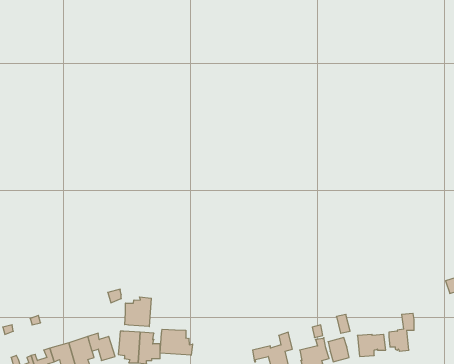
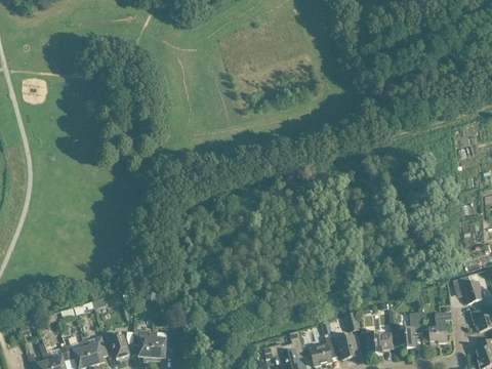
building: [125,297,151,327] -> none
building: none -> [427,312,452,342]
building: [160,329,193,355] -> none

